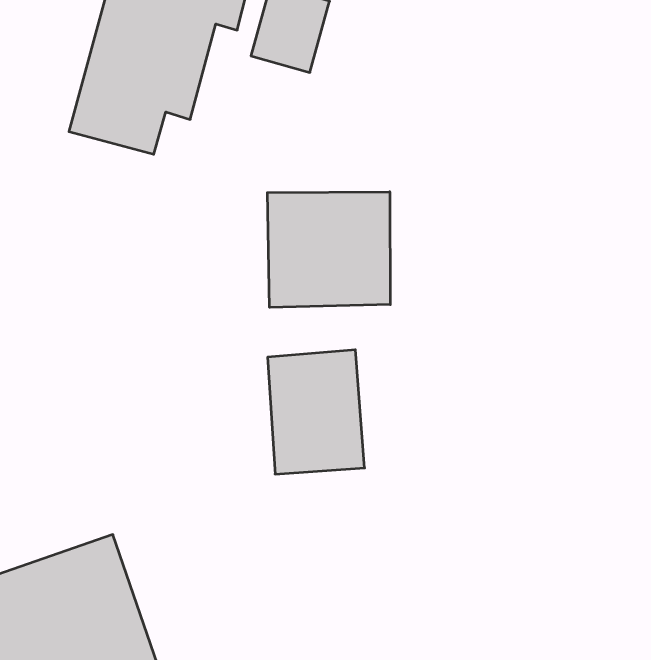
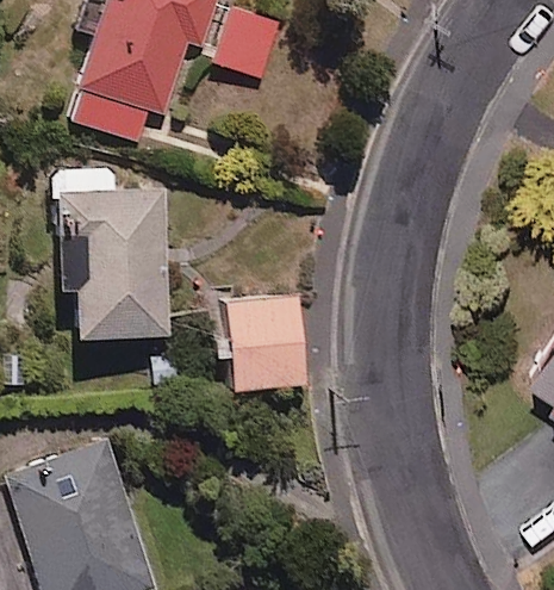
building: [267,192,390,307] -> none
building: none -> [56,170,168,341]

